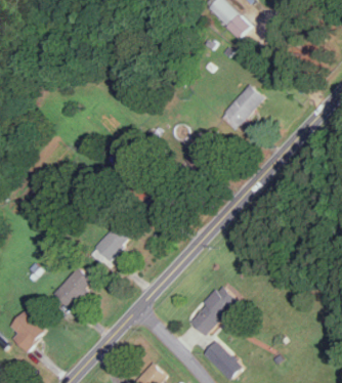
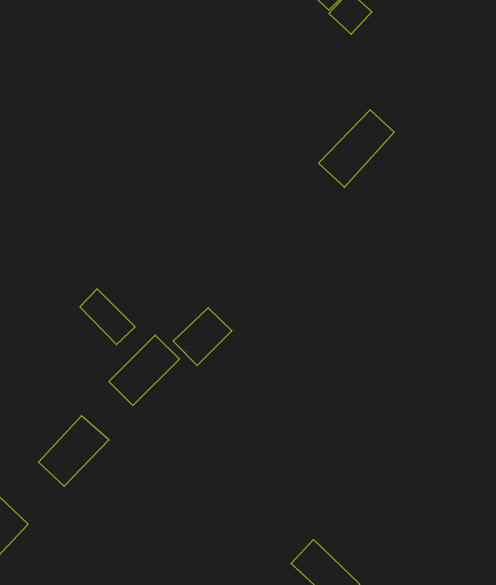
building: none -> [80,289,135,345]
building: none -> [173,308,232,366]
building: [188,286,238,337] -> none

